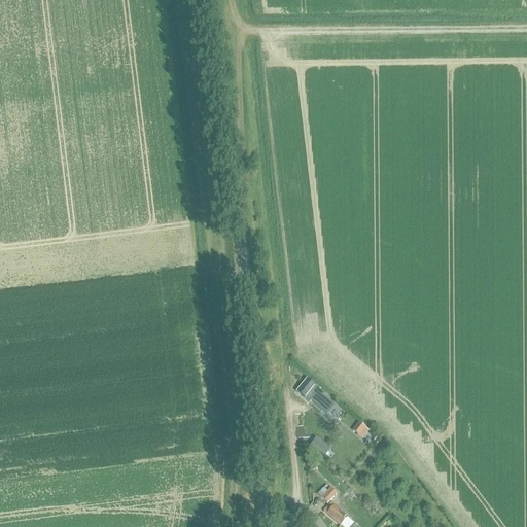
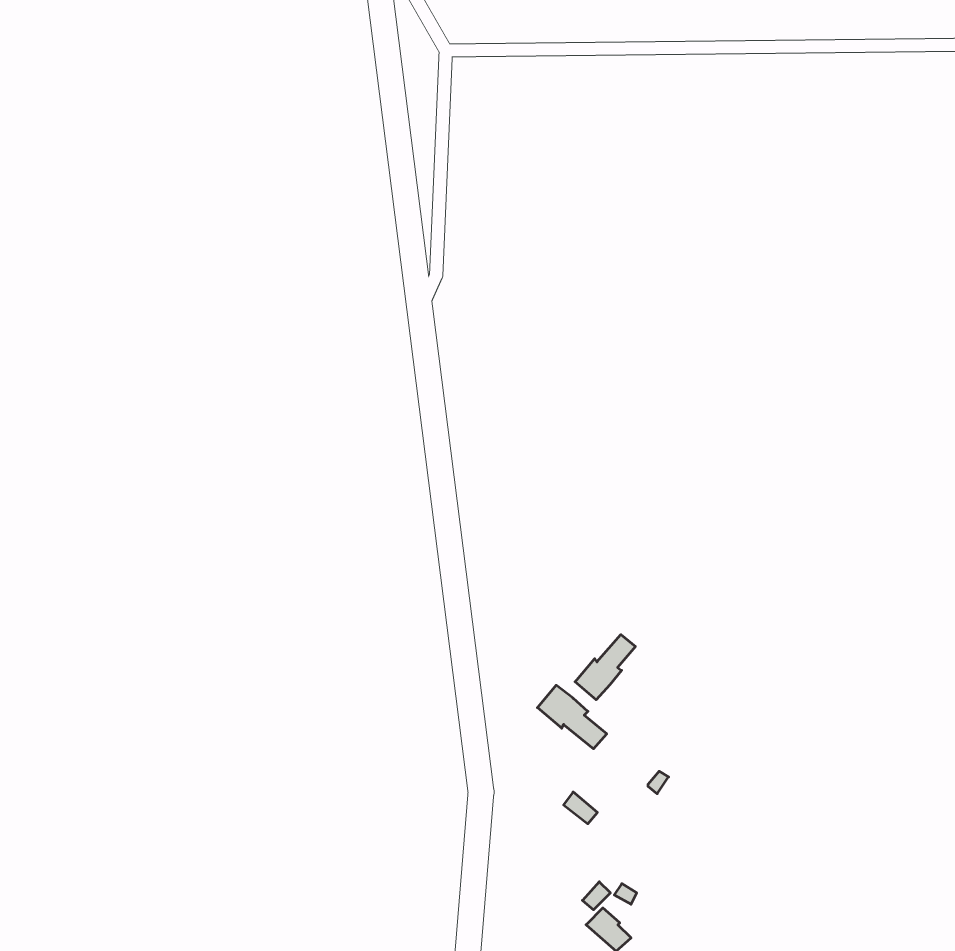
building: none -> [575,635,635,700]

